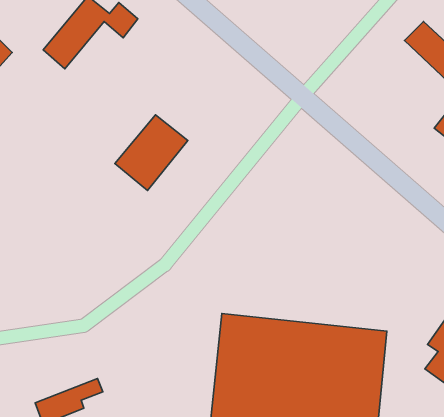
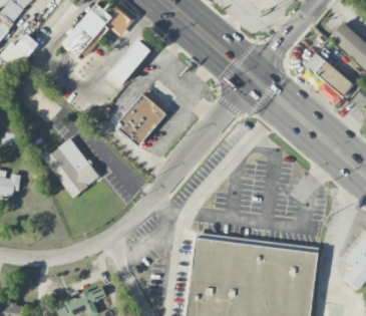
building: none -> [110,40,151,83]
building: none -> [300,52,352,104]
building: none -> [45,137,99,197]

